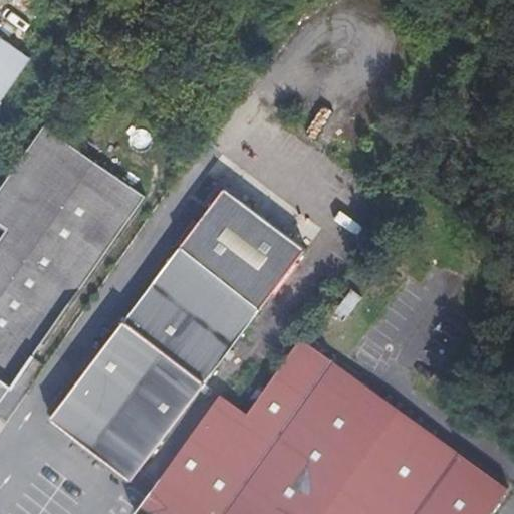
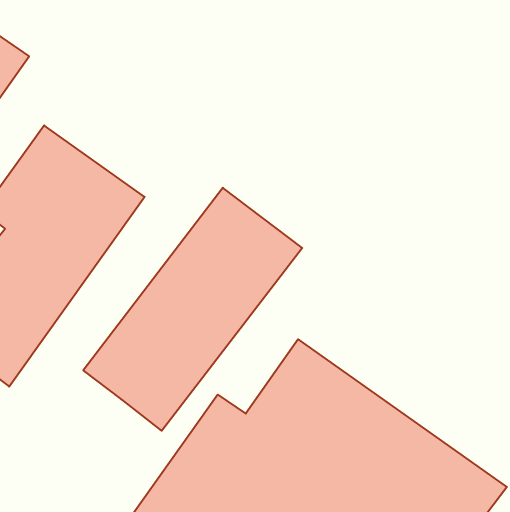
building: [48,371,162,478] -> none

